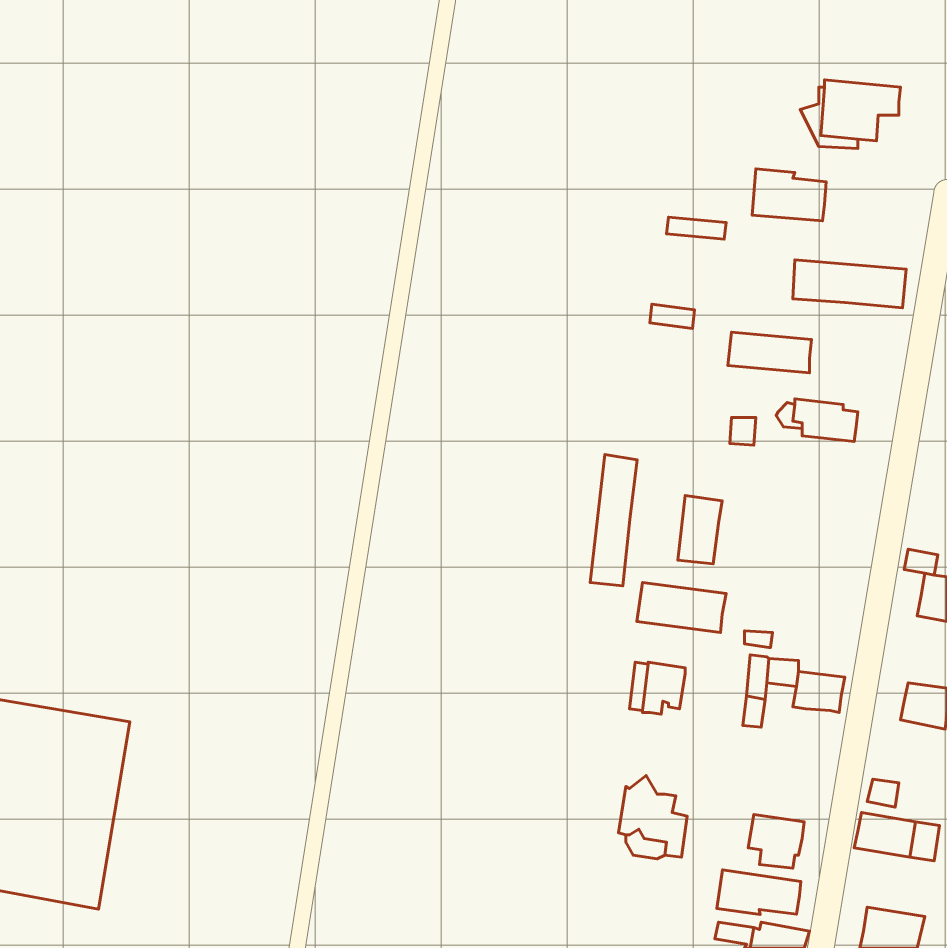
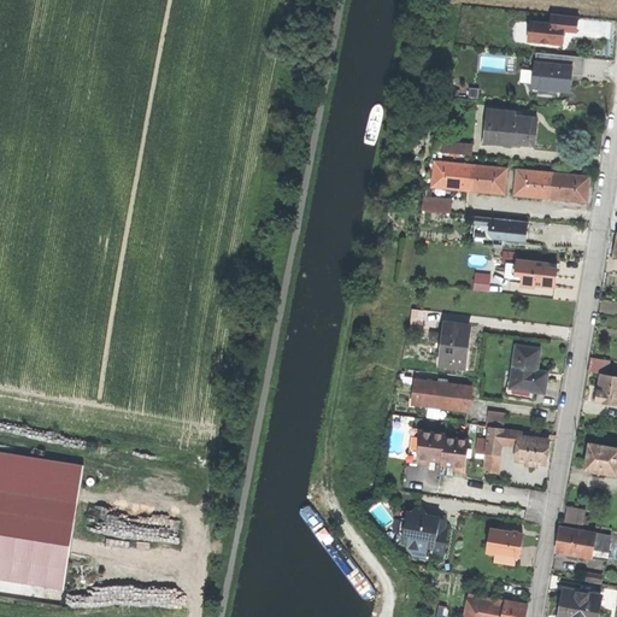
building: none -> [527,13,577,45]
building: none -> [431,161,506,193]
building: [590,454,637,586] -> none
building: none -> [510,345,546,393]
building: none -> [441,437,468,471]
building: [717,870,801,915] -> none

